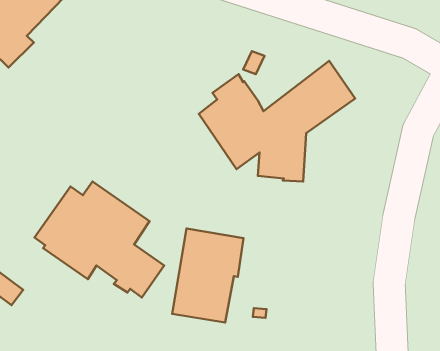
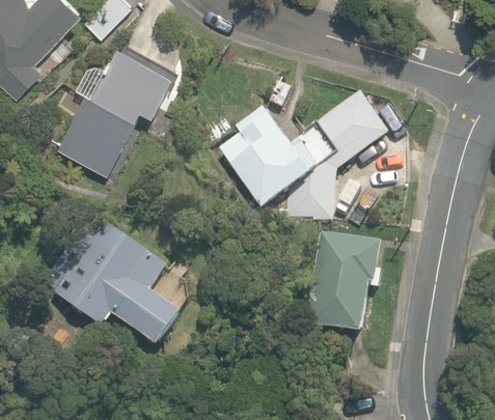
building: none -> [57,43,178,175]
building: [172,229,243,322] -> [304,232,381,333]

